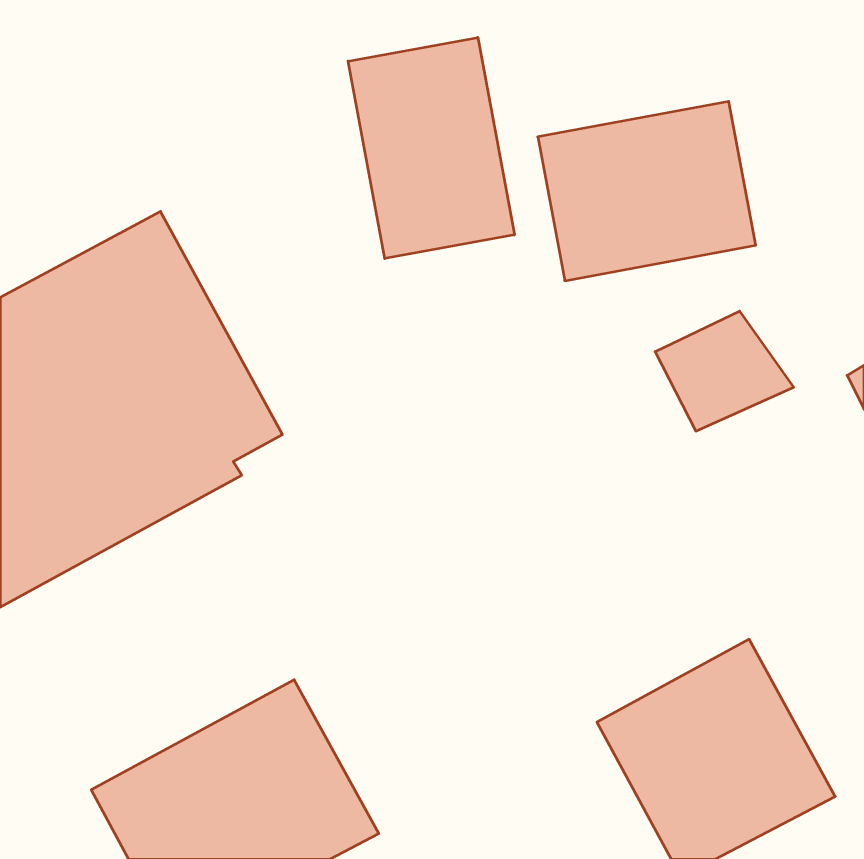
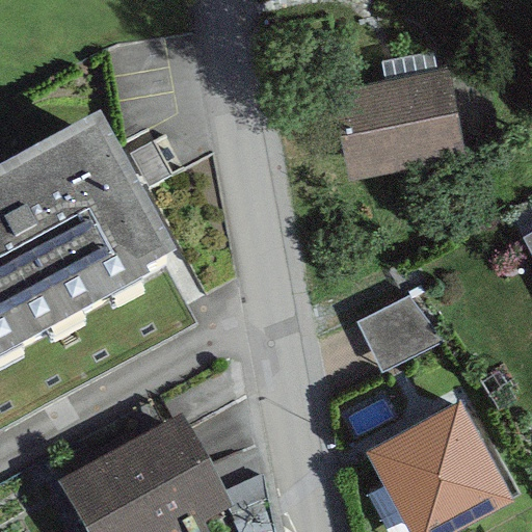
building: [348,37,514,259] -> none
building: [655,311,794,431] -> [355,292,441,366]

